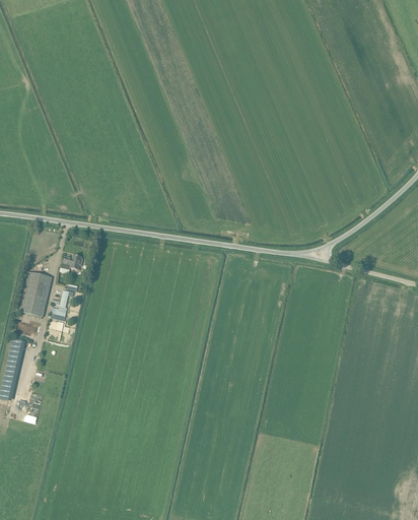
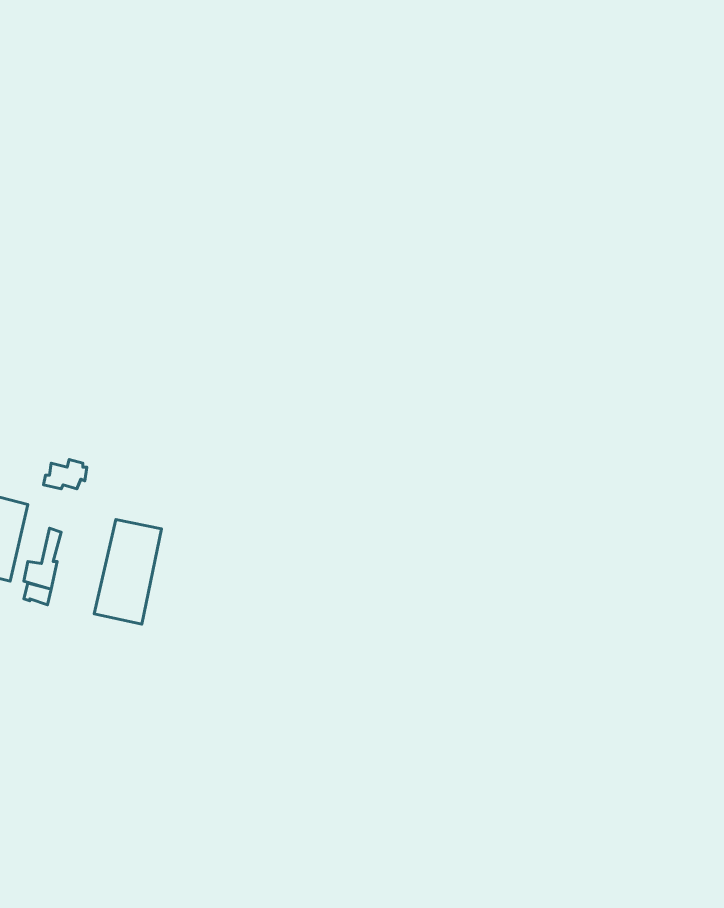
building: none -> [94,520,162,624]

